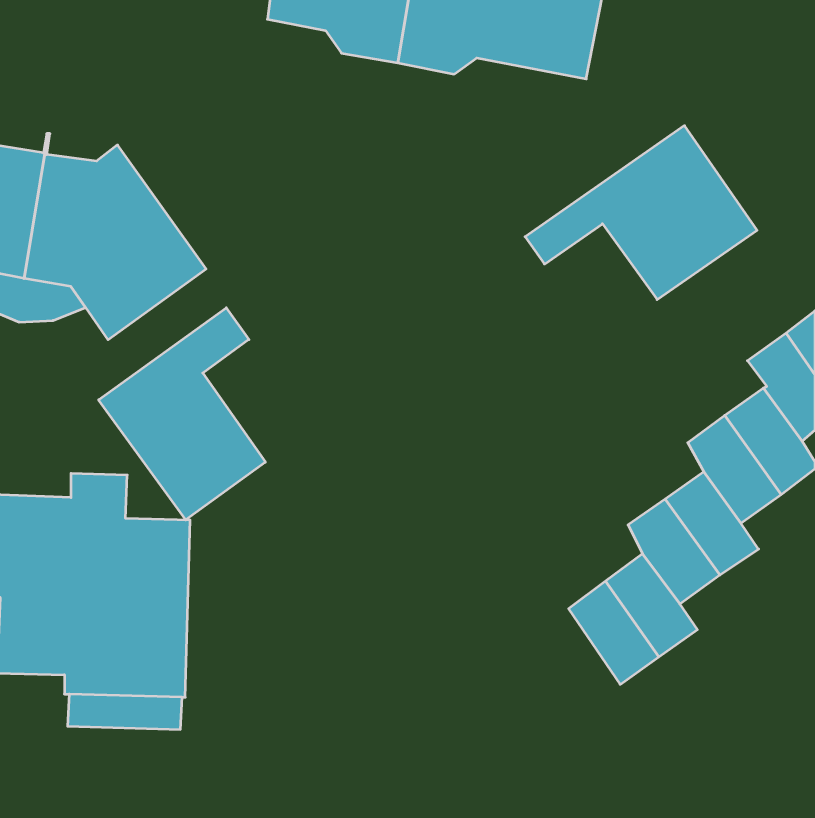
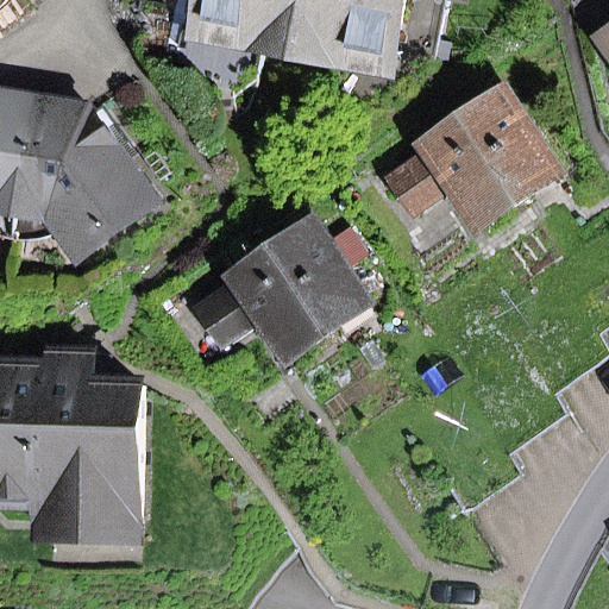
building: none -> [196,225,369,353]
building: [99,308,265,520] -> none

